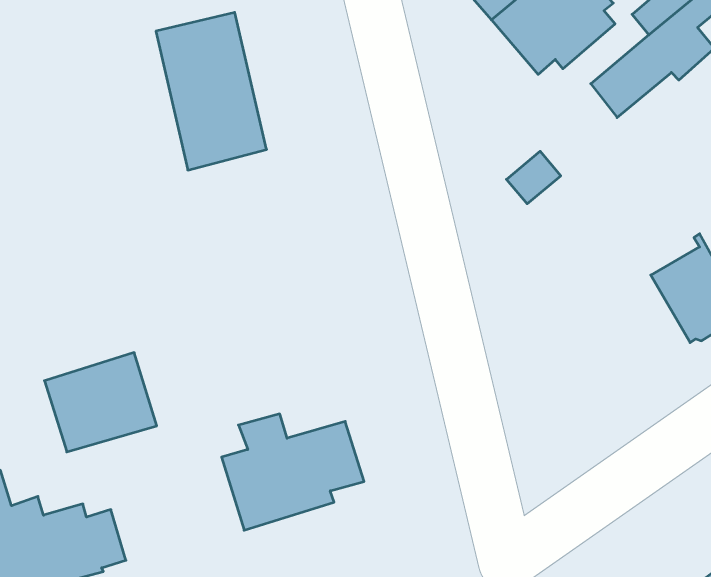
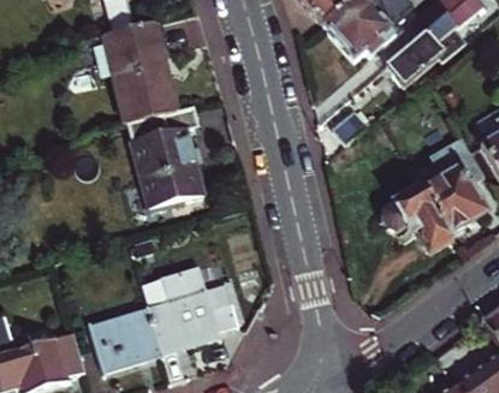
building: none -> [126,103,204,209]
building: none -> [381,184,452,250]
building: [44,353,157,452] -> [90,304,162,368]

